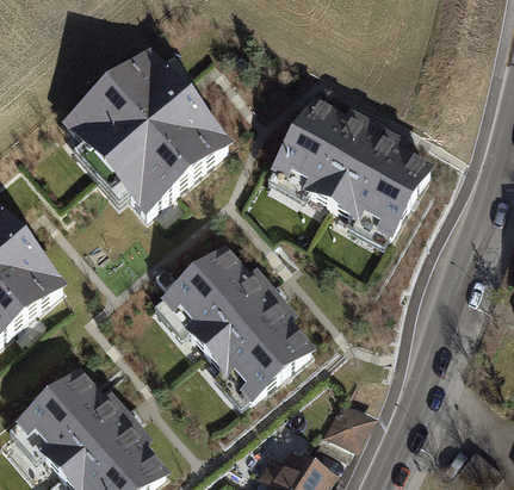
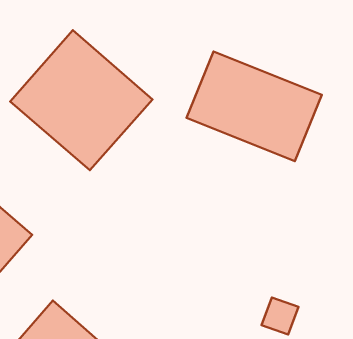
building: [163,243,318,402] -> none

